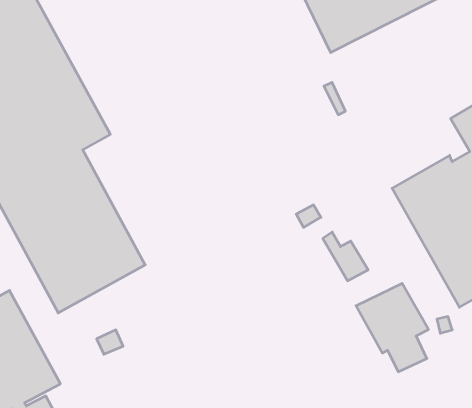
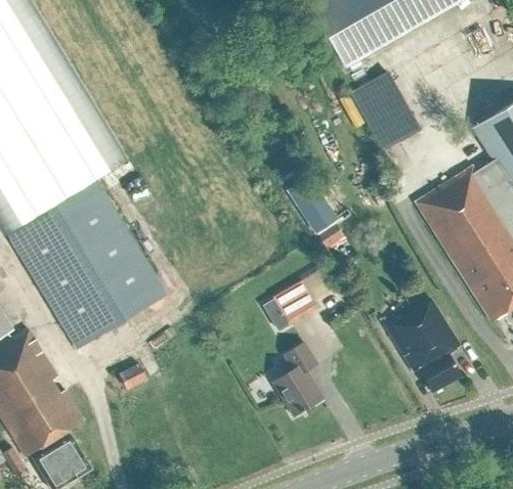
building: none -> [350,71,419,149]
building: [323,232,368,281] -> [288,183,336,232]
building: none -> [272,280,317,324]
building: none -> [271,342,323,415]

